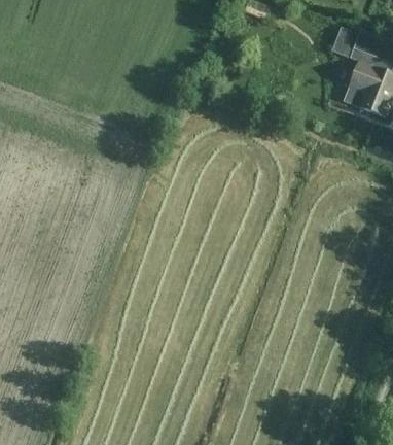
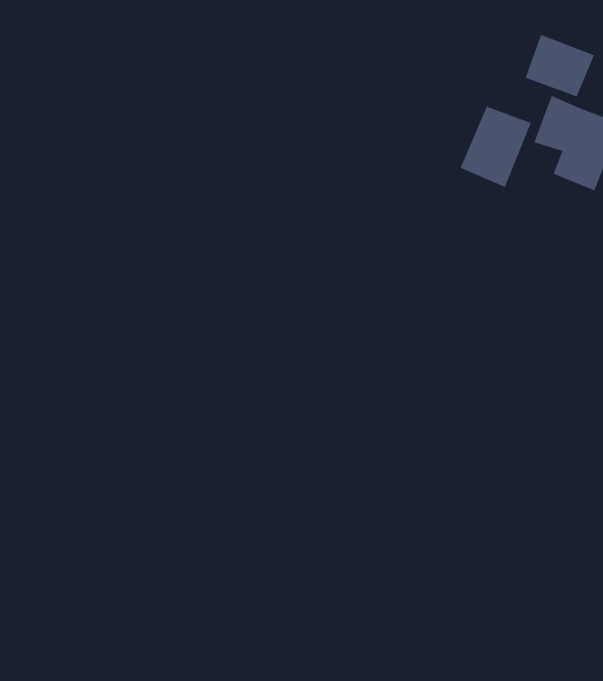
building: none -> [460,106,532,188]

